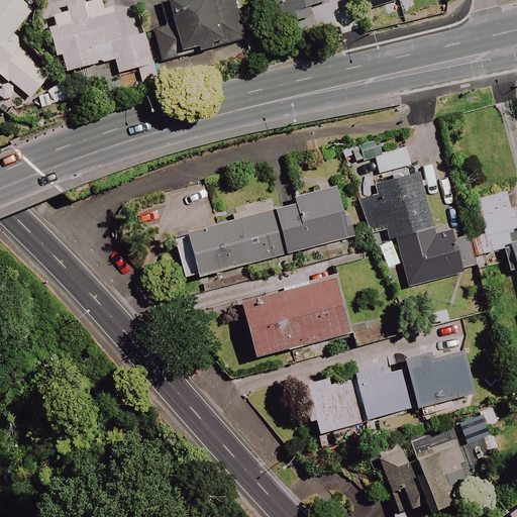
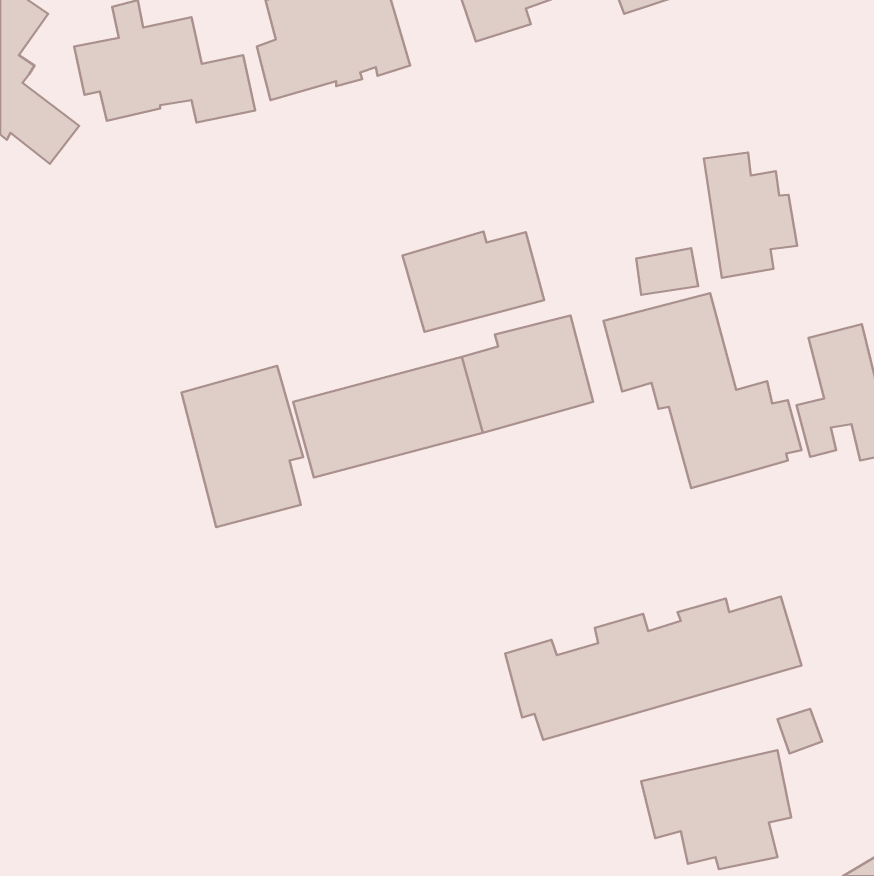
building: none -> [704,153,797,278]
building: none -> [402,232,544,332]
building: none -> [182,366,303,527]
building: [238,278,349,356] -> none

